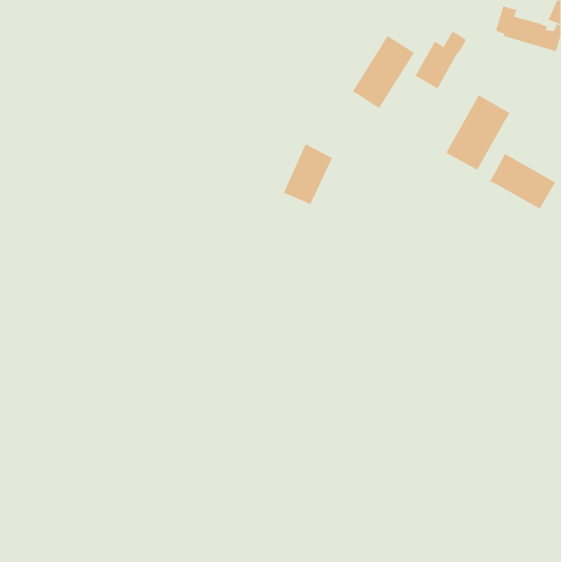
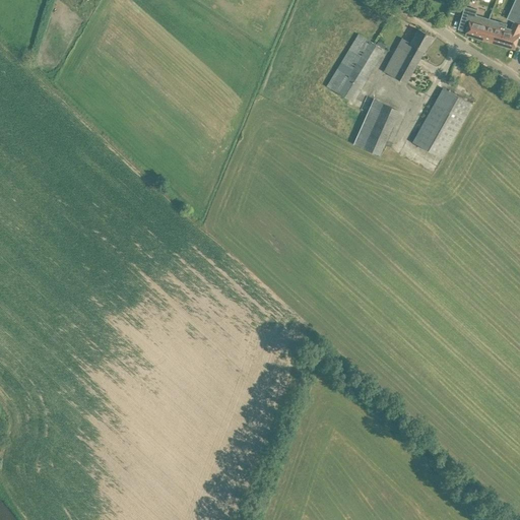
building: [283,143,333,205] -> [352,98,398,154]
building: [489,153,556,209] -> none

